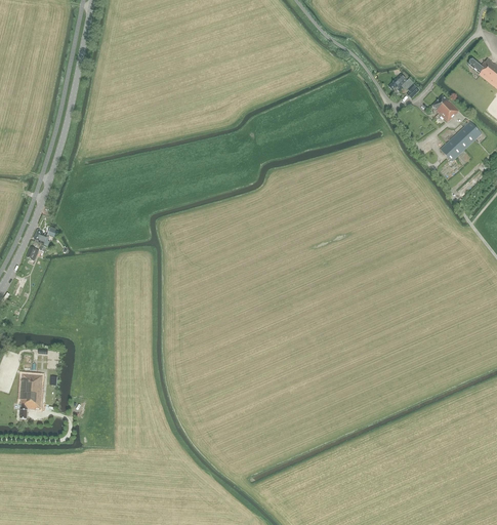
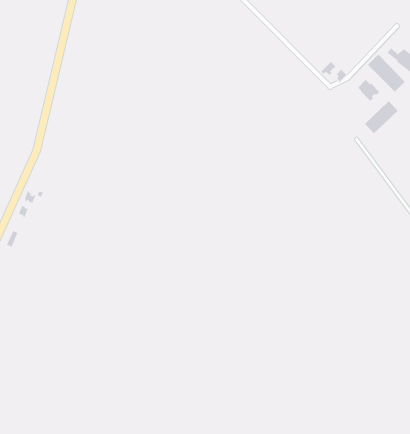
building: none -> [367,54,405,93]
building: [20,373,44,419] -> none

